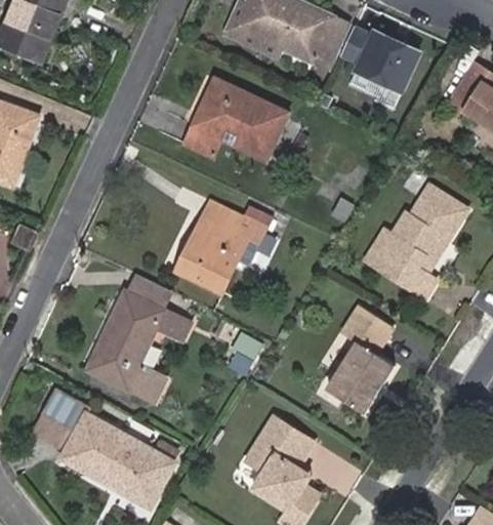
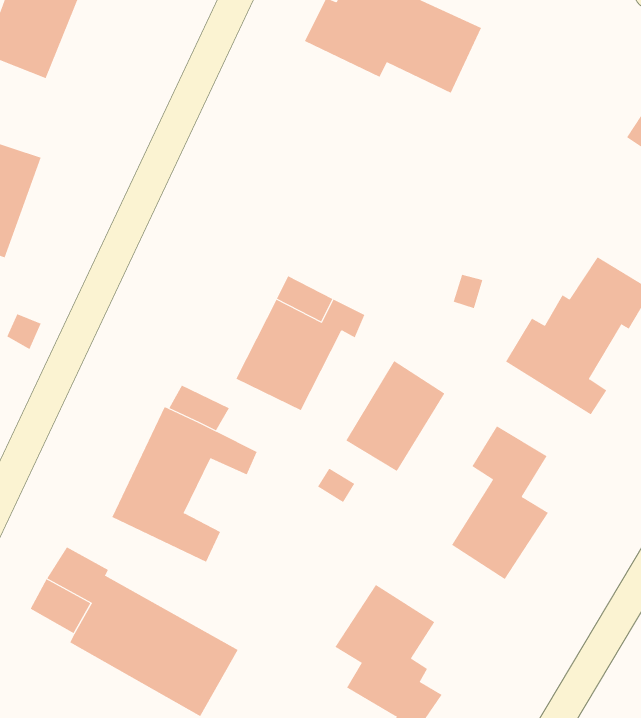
building: [333,19,417,107] -> none
building: [182,76,289,160] -> none
building: none -> [346,360,445,472]

